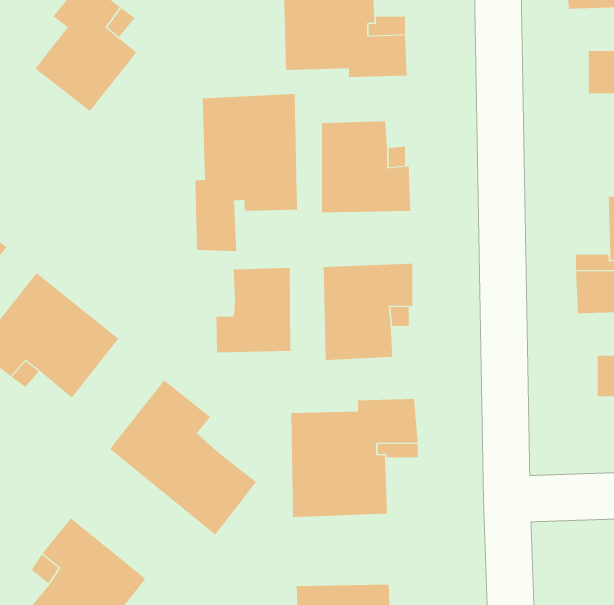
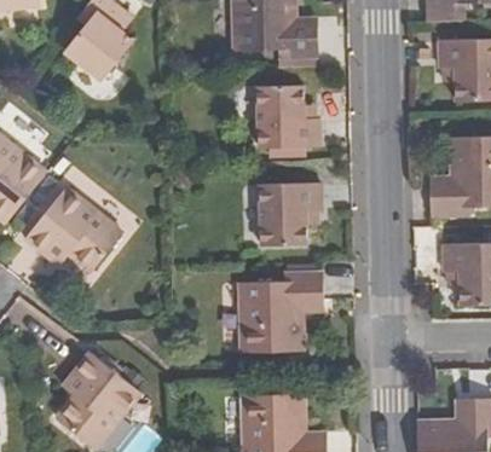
building: [195,93,297,252] -> none
building: [216,267,291,353] -> none
building: [109,379,257,535] -> none

